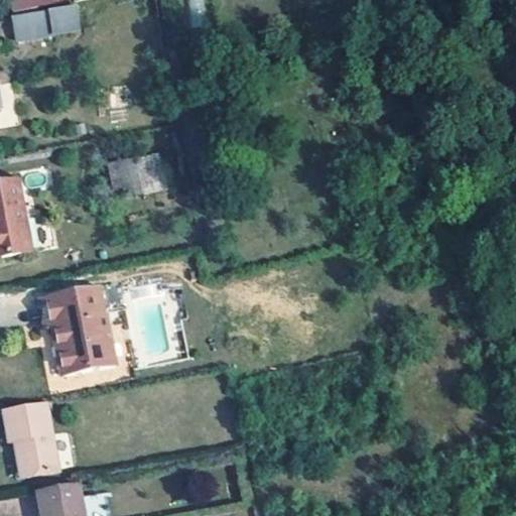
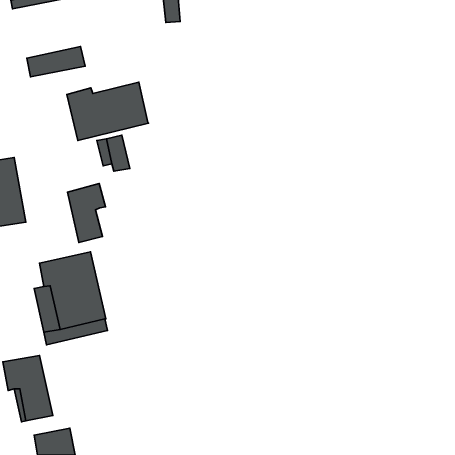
building: [14,5,80,39] -> [27,46,85,77]
building: none -> [67,82,148,140]
building: none -> [67,183,105,242]

